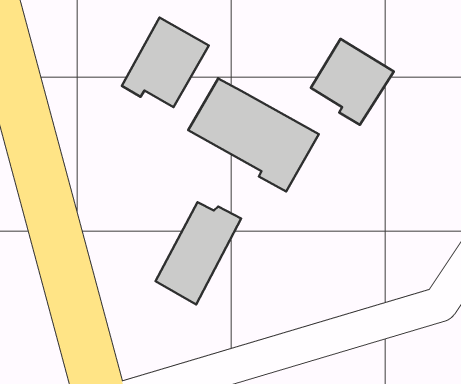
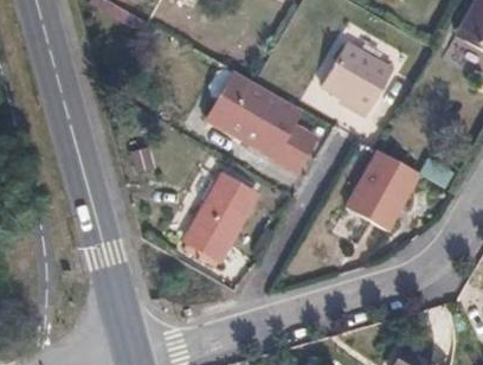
building: [122,17,209,107] -> none
building: none -> [343,151,417,230]

